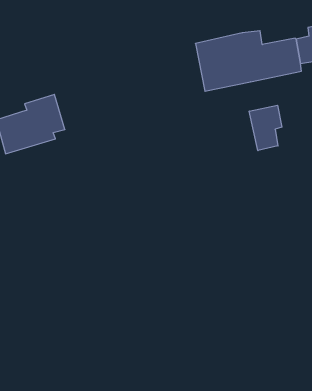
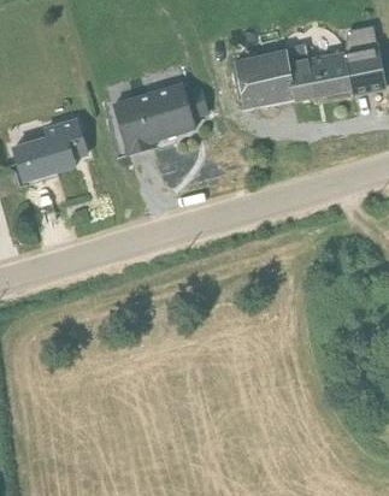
building: none -> [112,82,211,155]
building: [249,105,282,151] -> none

